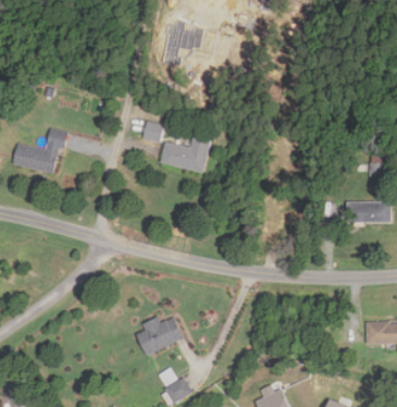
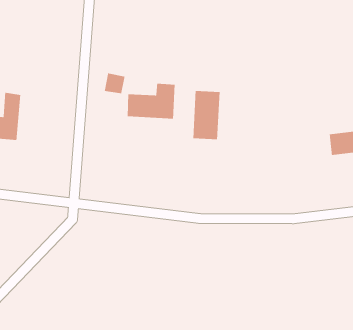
building: none -> [192,90,220,140]
building: [134,317,183,355] -> none

